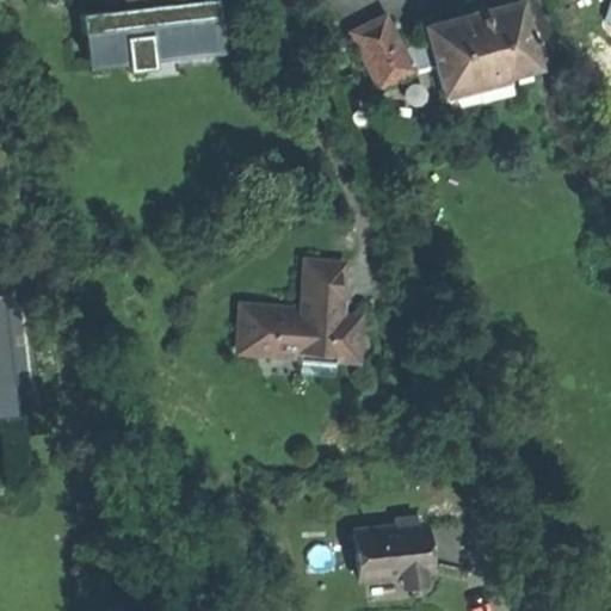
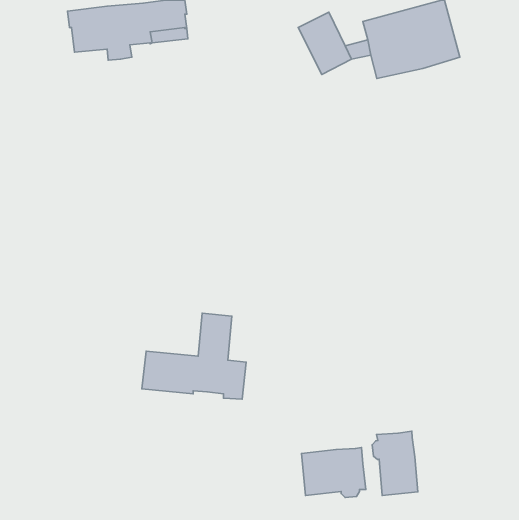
building: [243,260,365,360] -> [142,313,246,399]
building: none -> [372,431,418,495]

